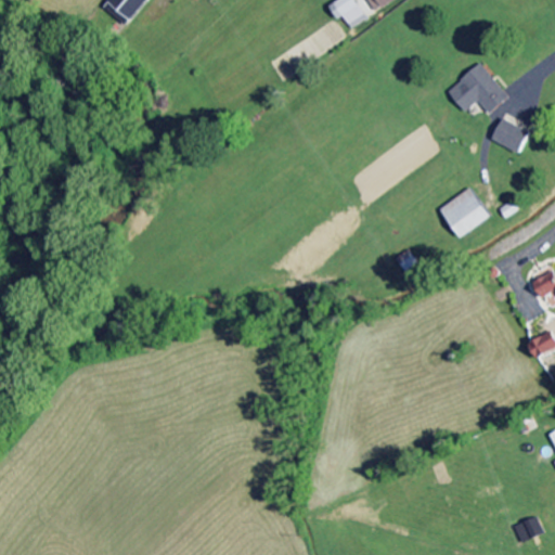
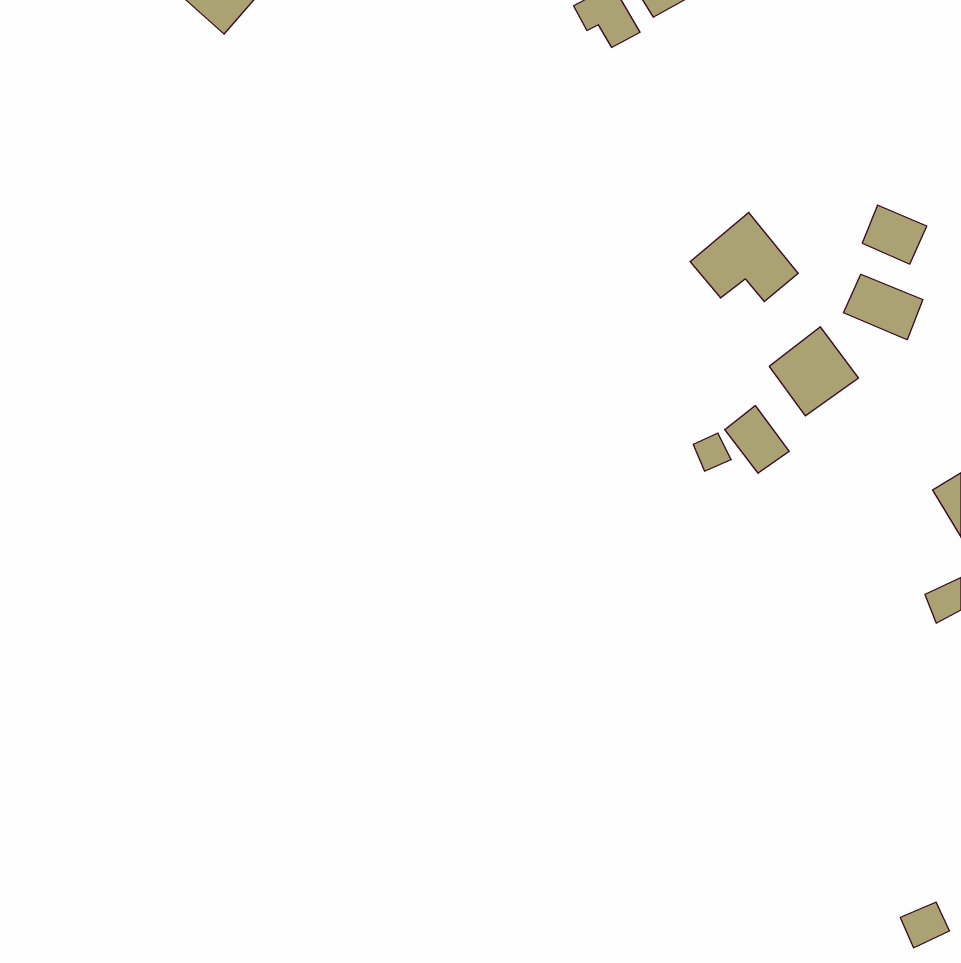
building: [447,62,508,113] -> [690,212,798,302]
building: none -> [844,274,923,340]
building: none -> [725,406,789,473]

